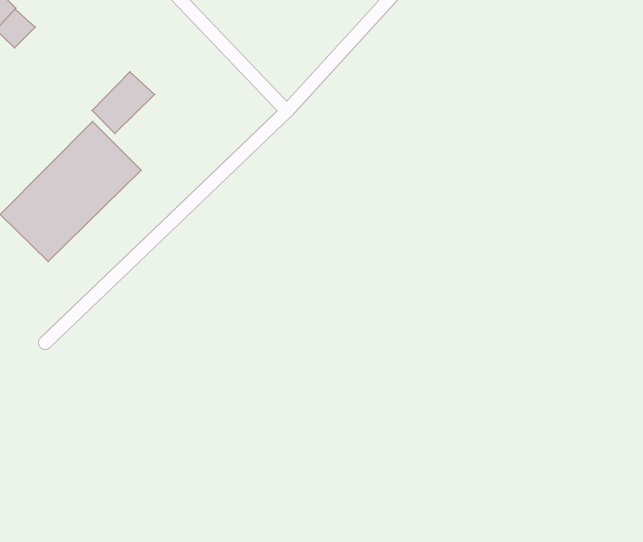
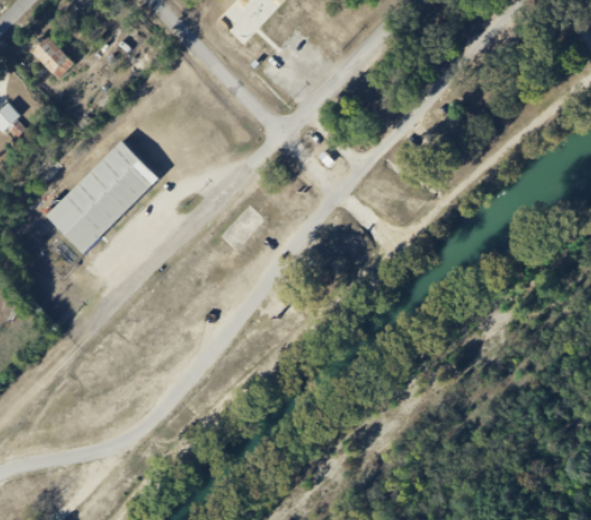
building: [92,72,155,133] -> none

